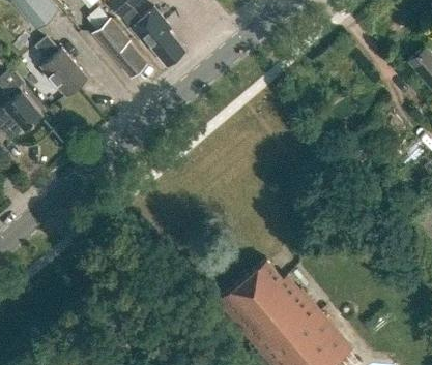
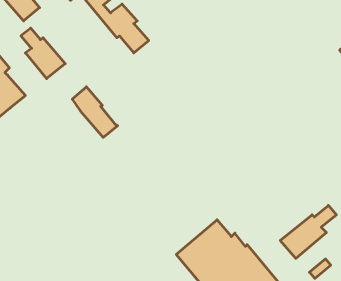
building: [95,18,148,77] -> [72,87,118,137]
building: none -> [280,205,336,258]

